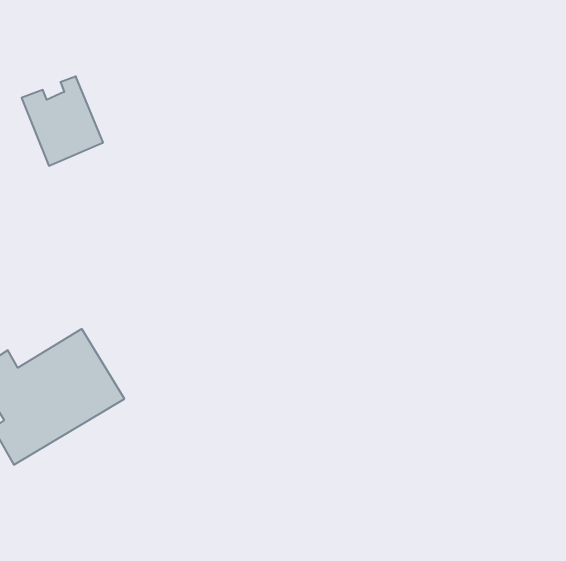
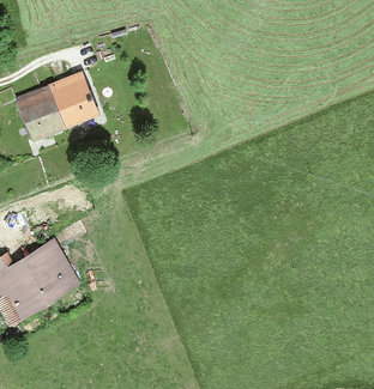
building: none -> [49,72,98,126]

